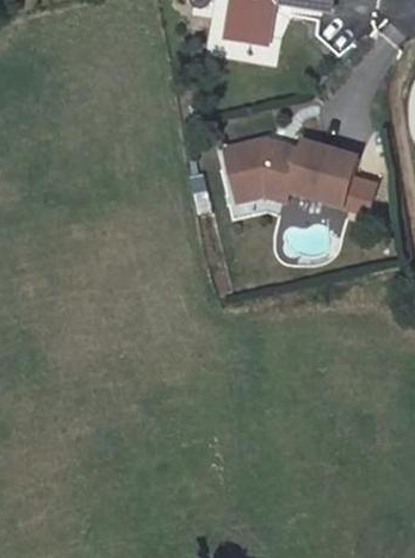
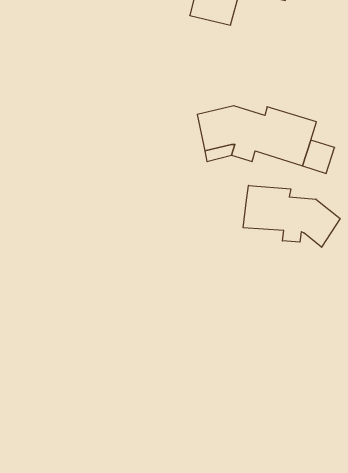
building: none -> [243,185,340,247]

